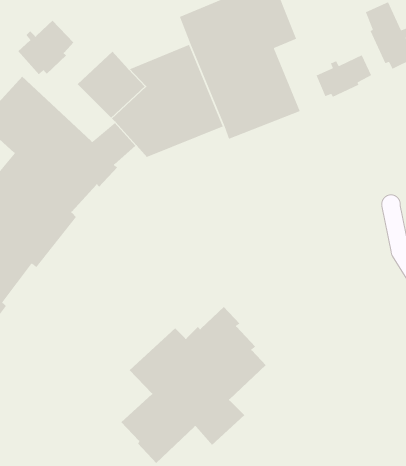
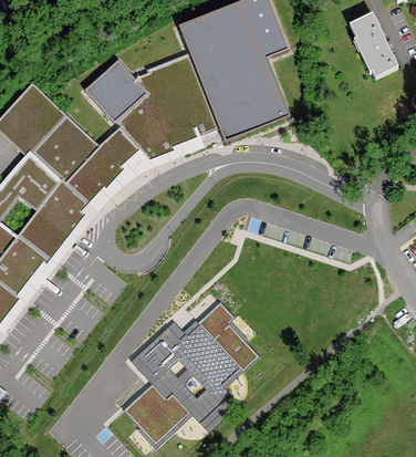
building: [17,20,74,75] -> none
building: [315,54,372,98] -> none

